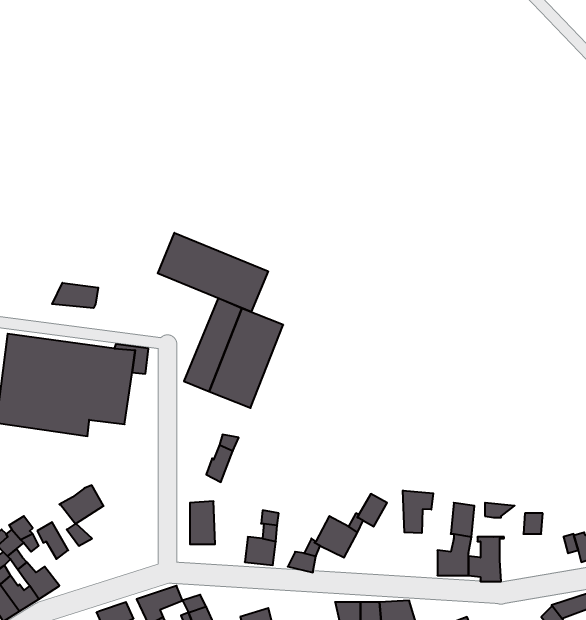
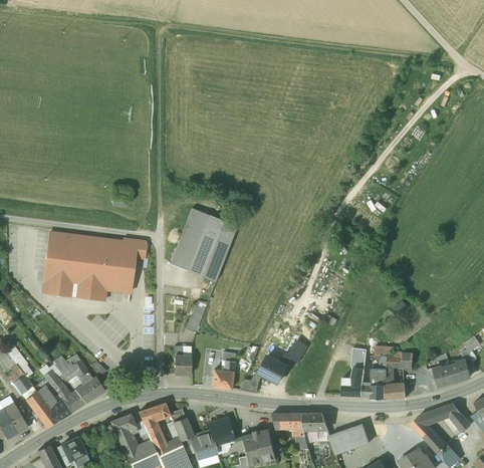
building: [158,233,268,312] -> none
building: [52,283,98,308] -> none
building: [59,485,104,524] -> [74,377,104,403]
building: [403,490,433,533] -> none
building: none -> [384,367,406,400]

